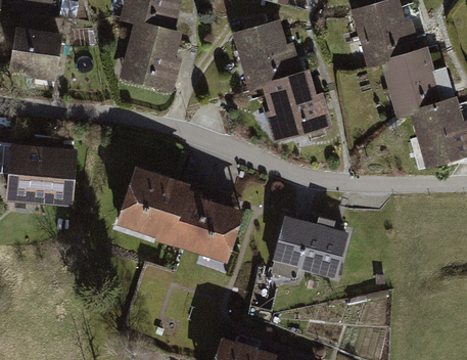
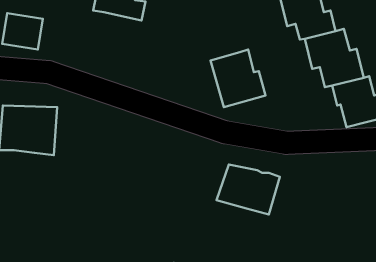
building: [232,20,299,91] -> none
building: [121,28,180,96] -> none
building: [114,161,242,260] -> none

